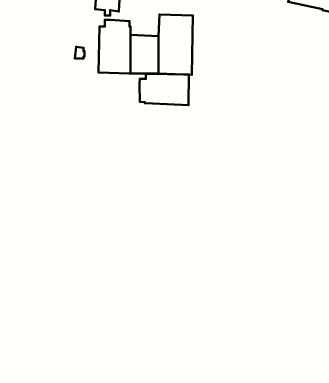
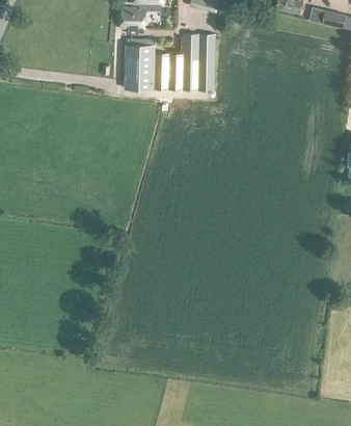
building: [140,74,189,105] -> none

